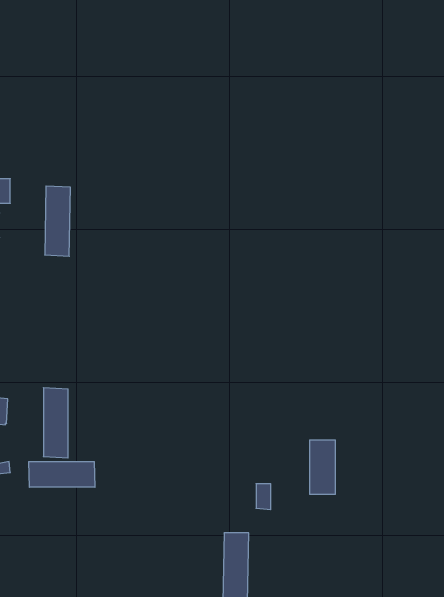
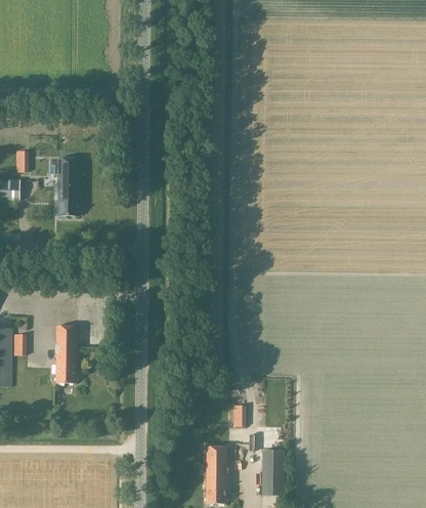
building: [310,440,335,494] -> [262,450,284,495]
building: [29,462,95,487] -> none

